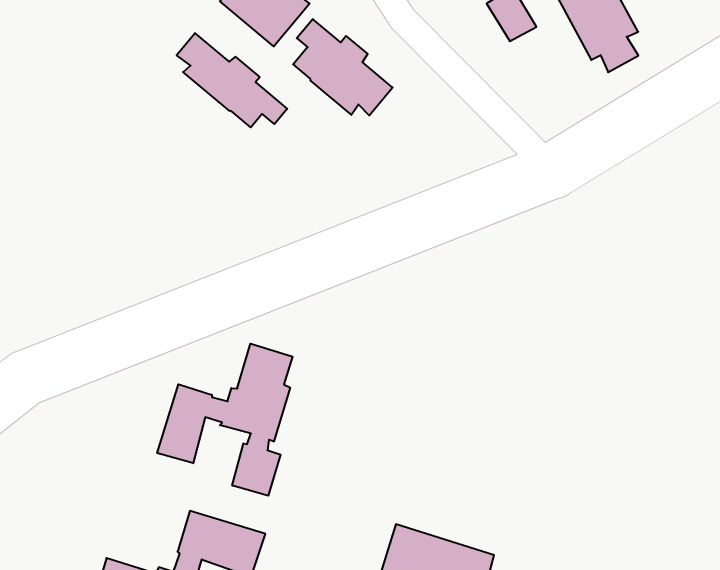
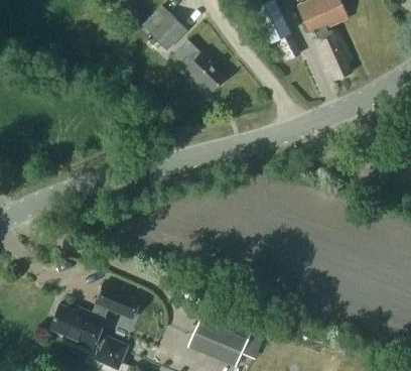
building: [177,33,287,127] -> none
building: [157,344,293,496] -> none

